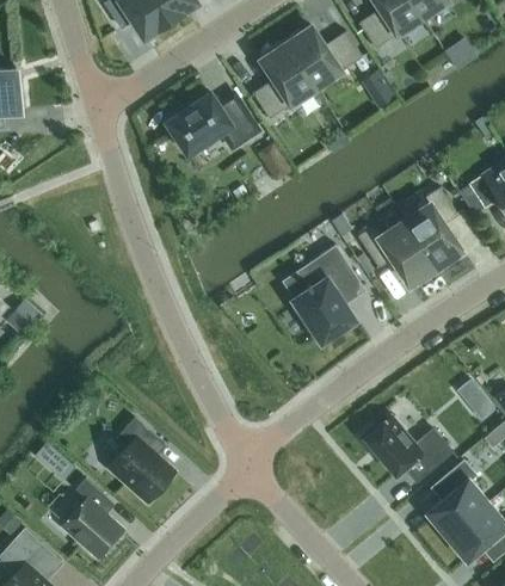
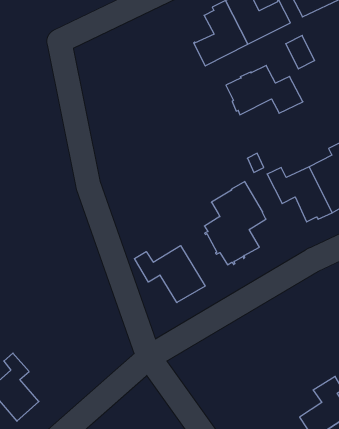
building: [167,93,259,154] -> [226,65,303,115]
building: none -> [134,246,205,303]
building: [359,417,452,481] -> none
building: [110,418,175,501] -> none

